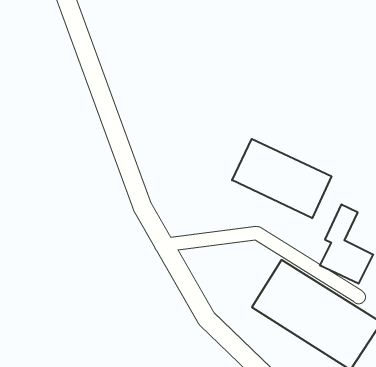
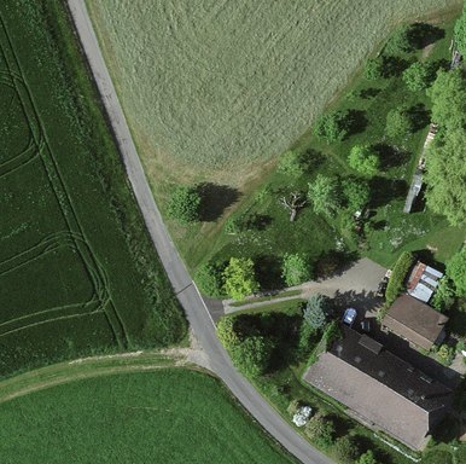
building: [232,139,331,218] -> none

